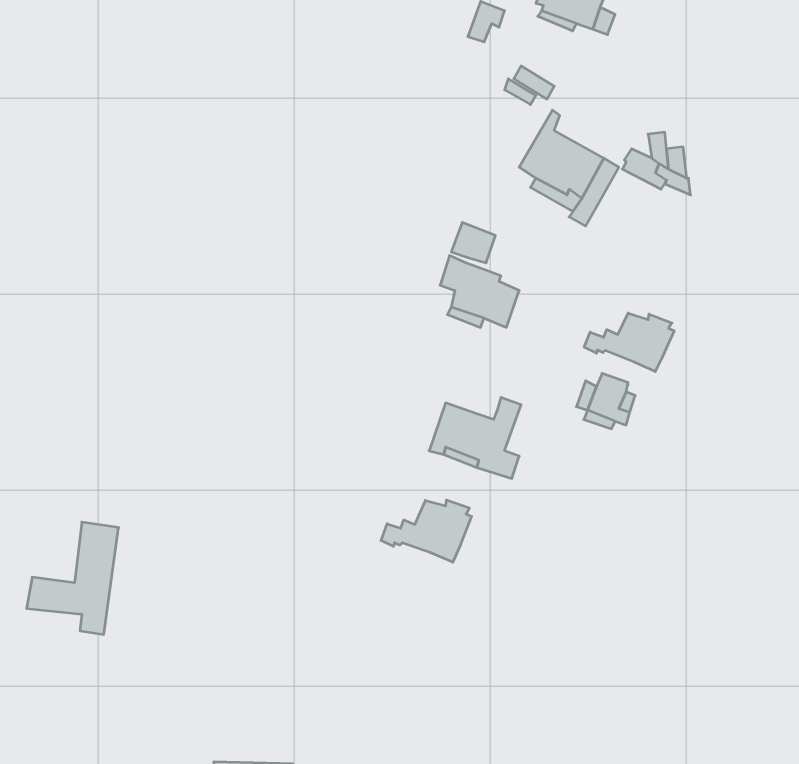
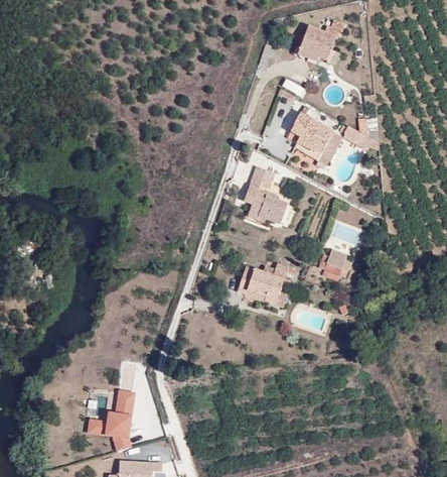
building: [584,313,674,372] -> none
building: [381,500,472,562] -> none
building: [27,522,119,634] -> [88,389,138,451]

